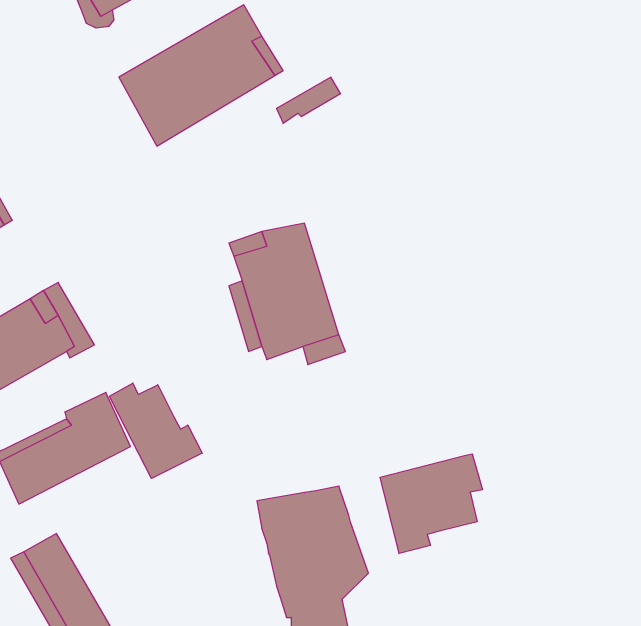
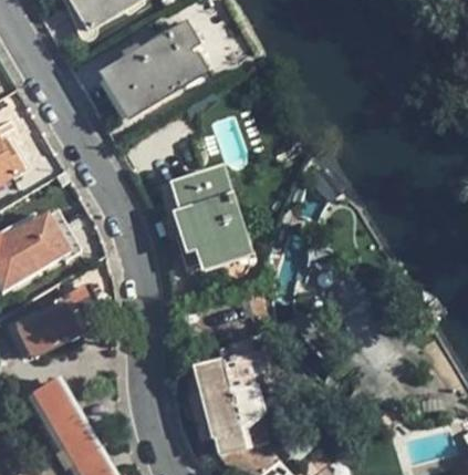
building: [110,383,202,478] -> none
building: [380,454,482,554] -> none

